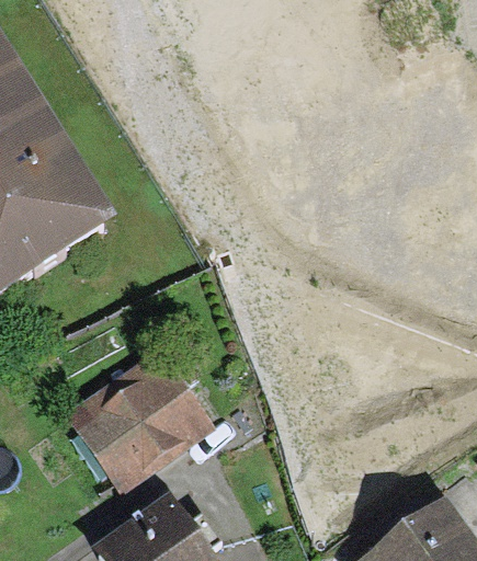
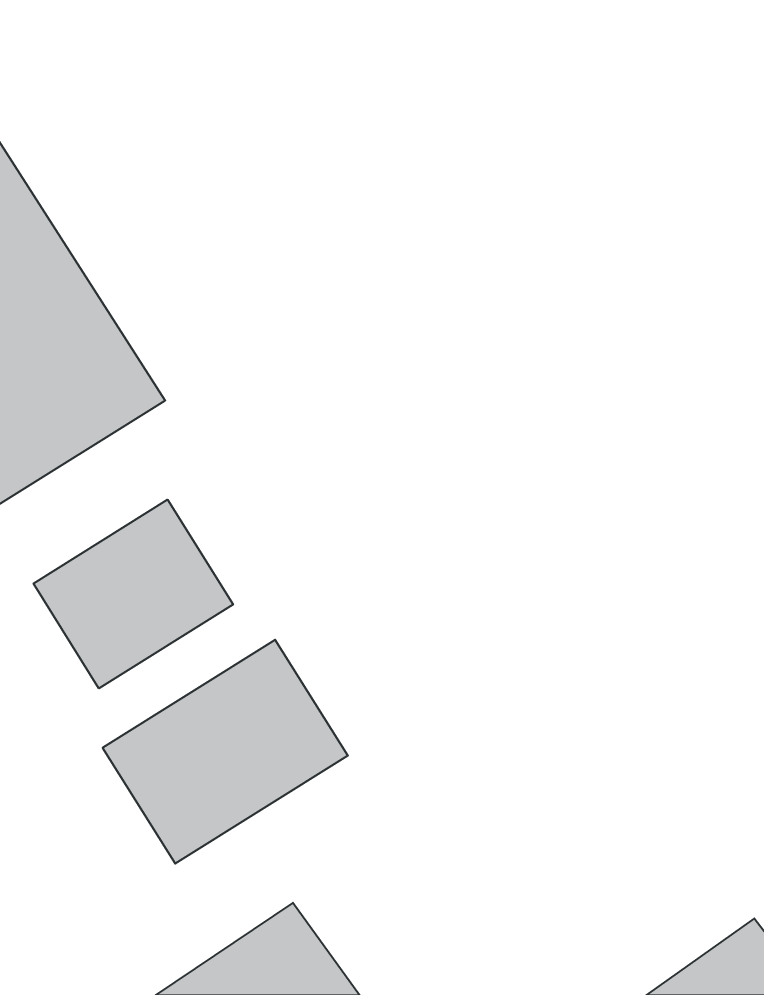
building: none -> [34,500,233,688]

